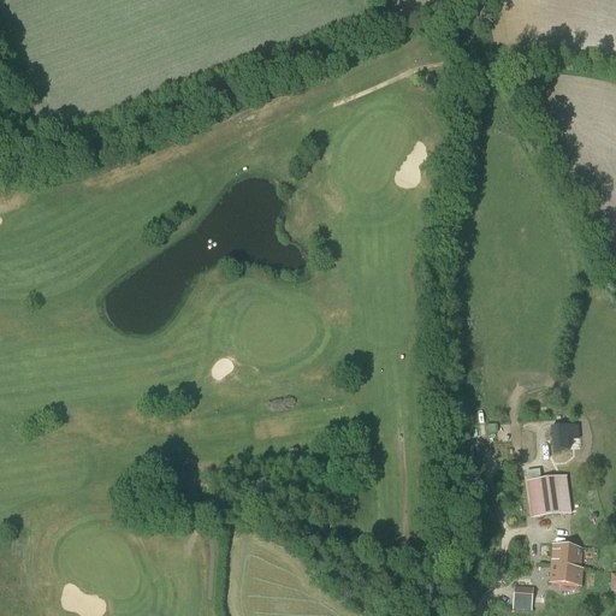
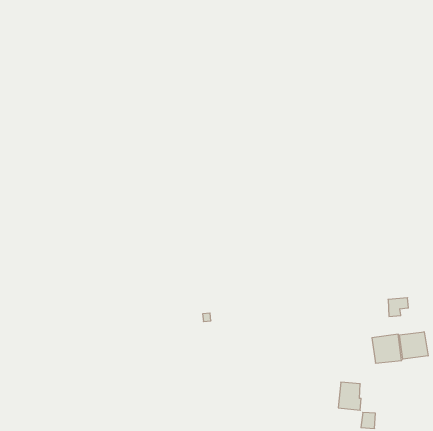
building: none -> [400,332,428,359]
building: [550,544,582,584] -> [338,382,361,410]

